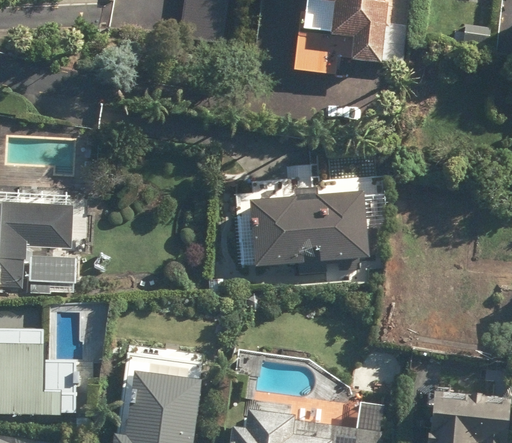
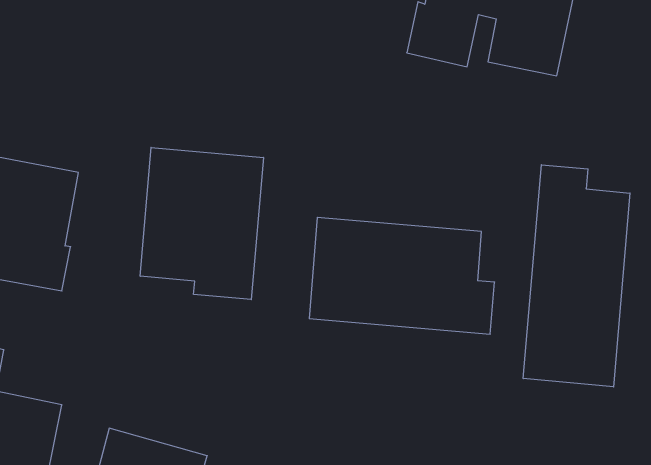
building: none -> [523,165,630,387]
building: none -> [140,147,263,300]

